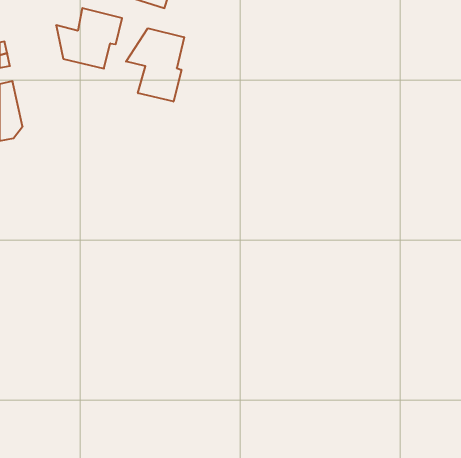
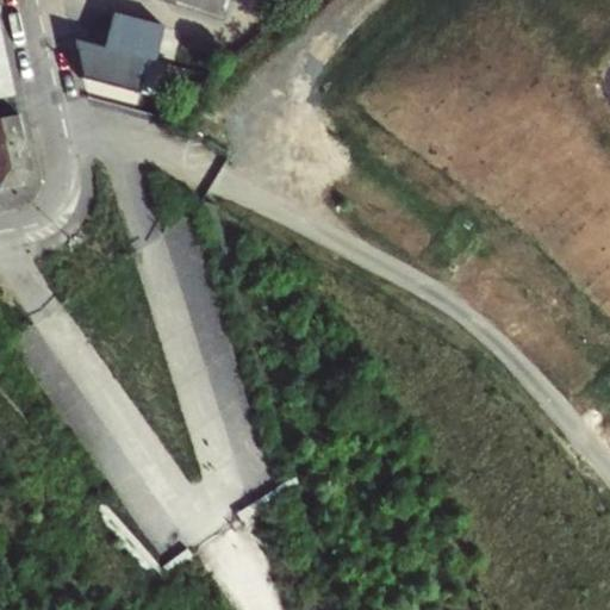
building: [126,28,184,102] -> none

